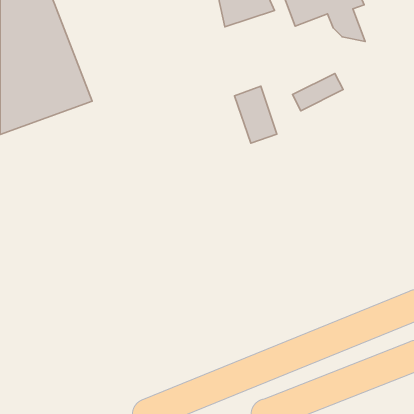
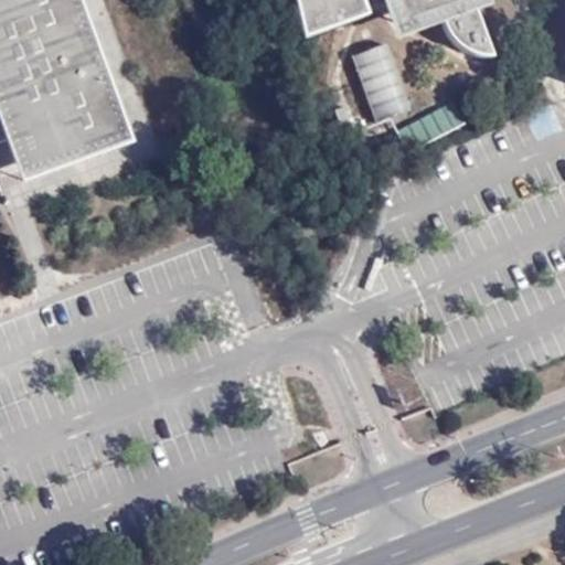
building: [235,86,277,143] -> [352,42,409,119]

